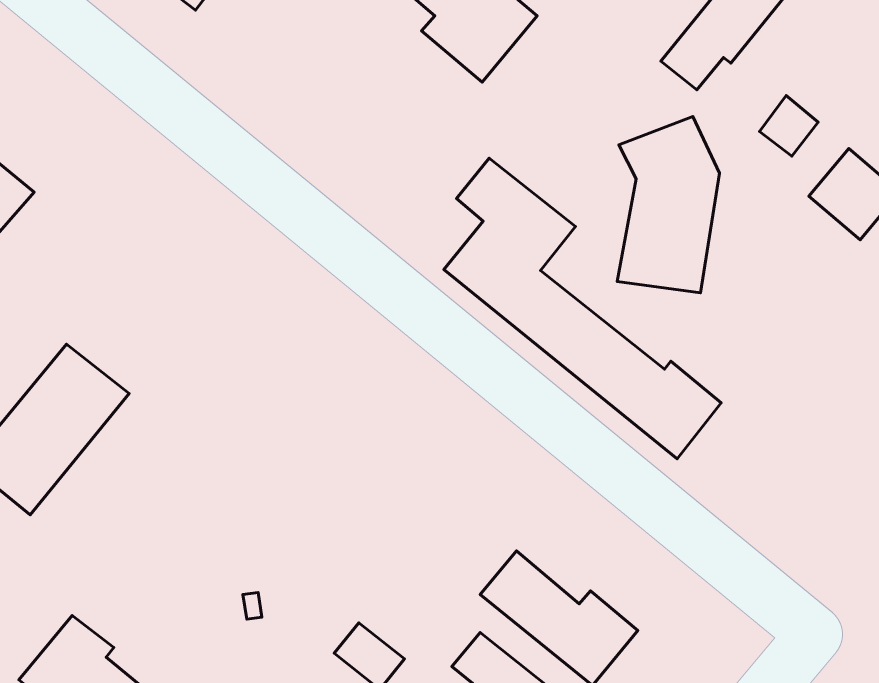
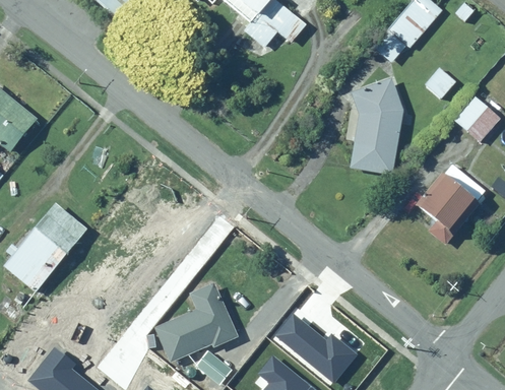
building: [444,158,721,459] -> none
building: none -> [411,159,483,228]
building: none -> [155,281,239,362]

